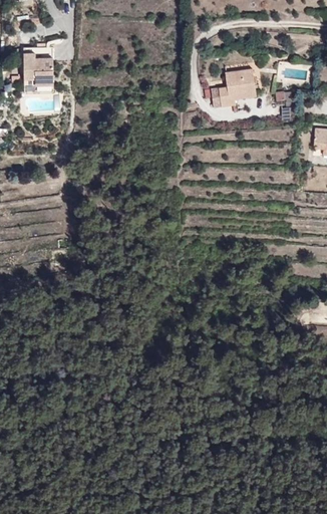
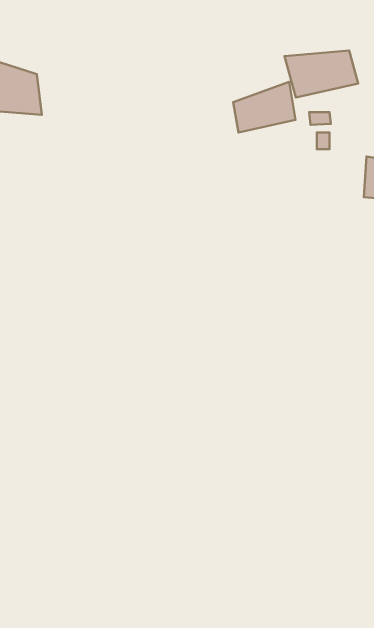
building: none -> [285,51,358,97]

